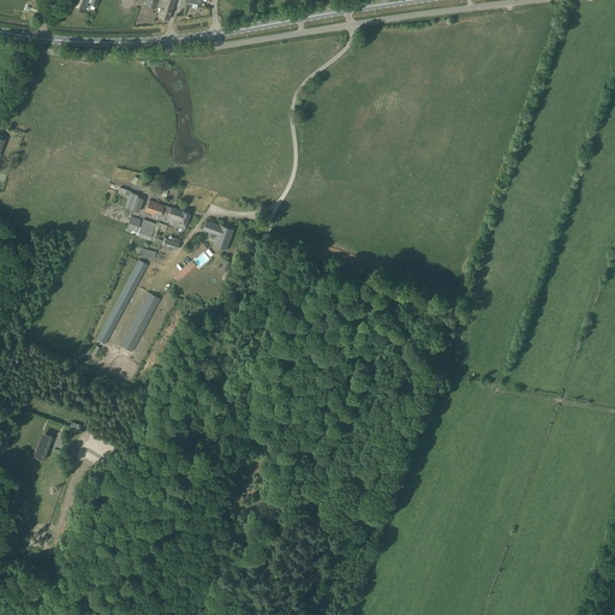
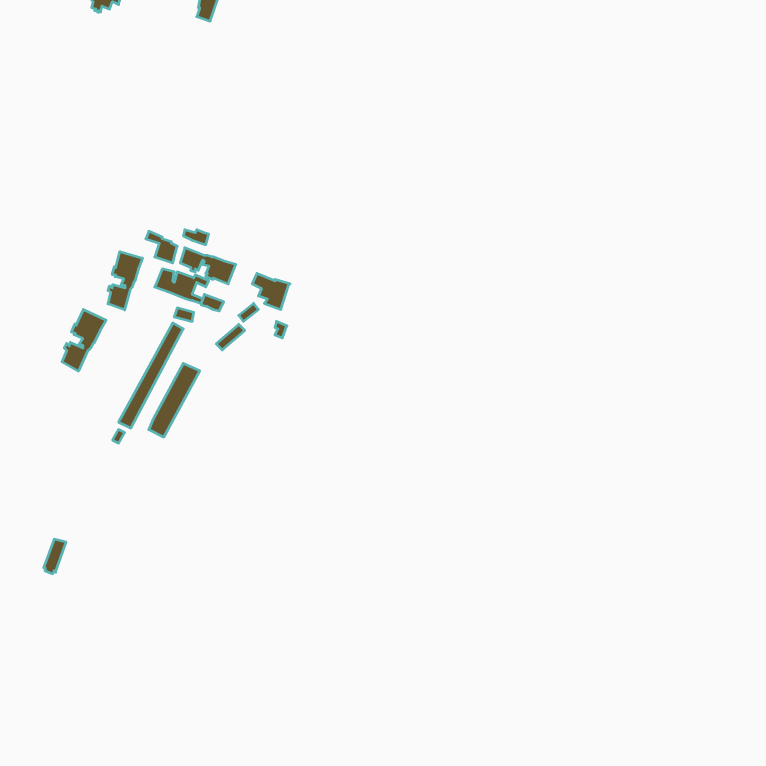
building: none -> [108,252,142,310]
building: none -> [62,309,106,371]

